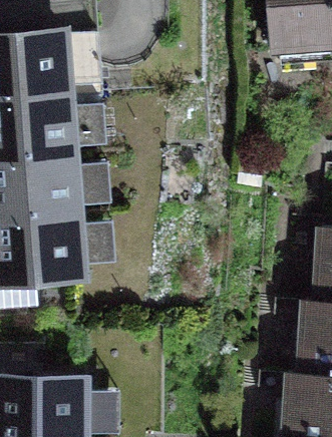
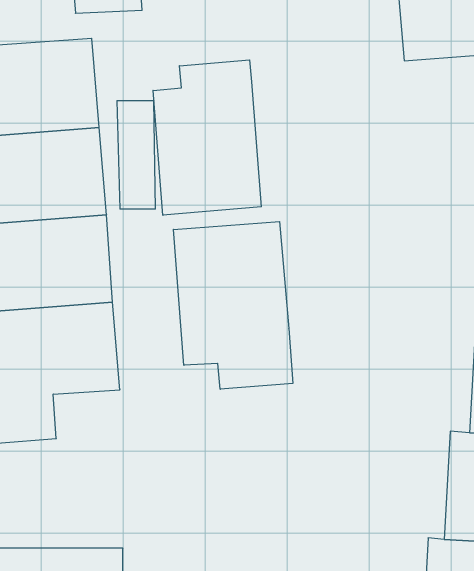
building: none -> [153,60,261,215]
building: none -> [173,222,293,389]

